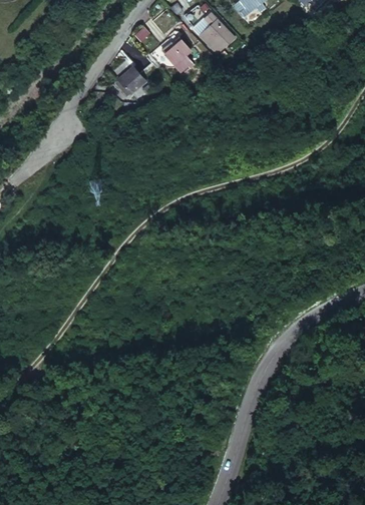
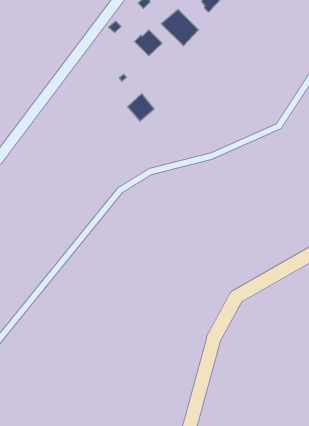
building: [117,65,147,96] -> [127,94,154,121]

